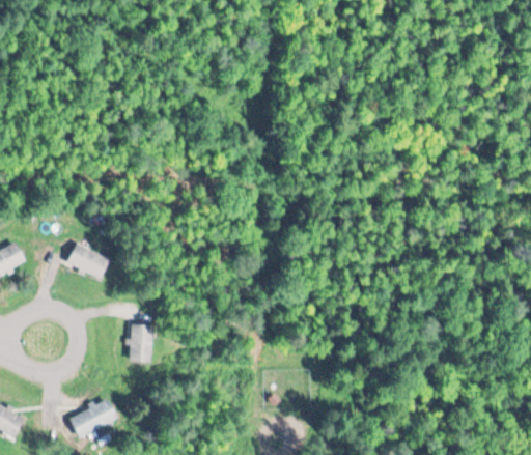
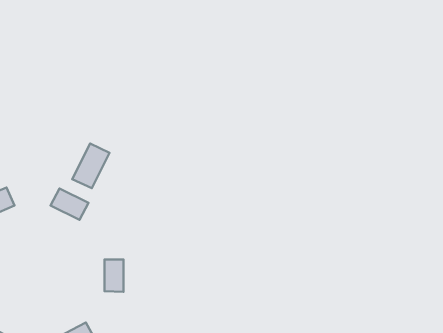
building: none -> [72,144,110,188]

